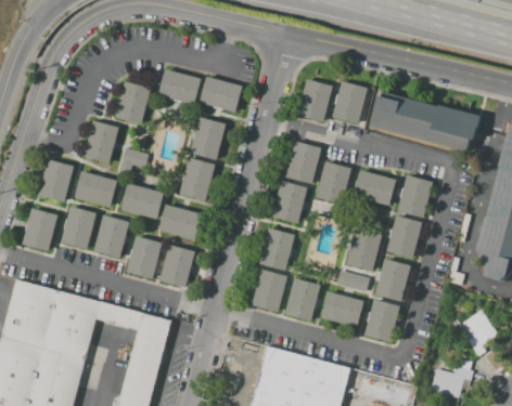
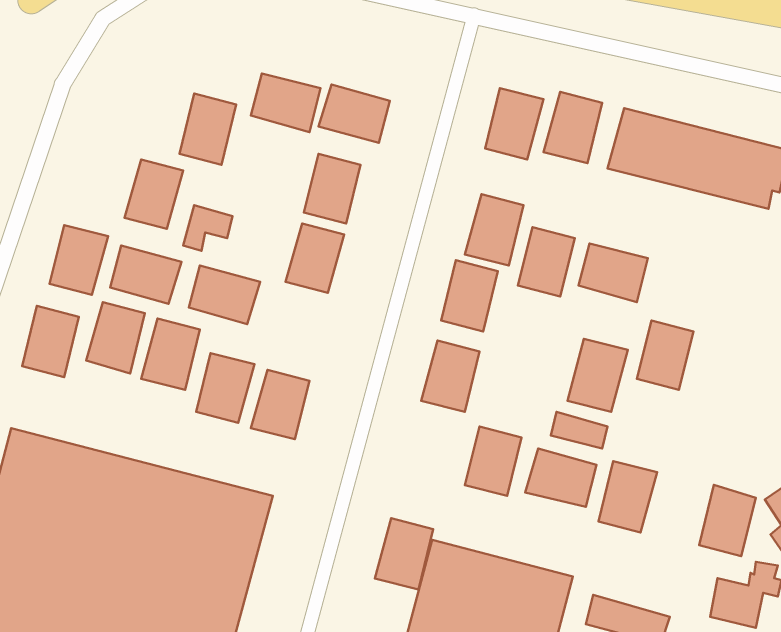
building: [397,176,432,218] -> none
building: [158,205,201,239] -> none
building: [375,259,409,301] -> [699,485,756,556]
building: [252,271,286,313] -> [375,518,433,590]

